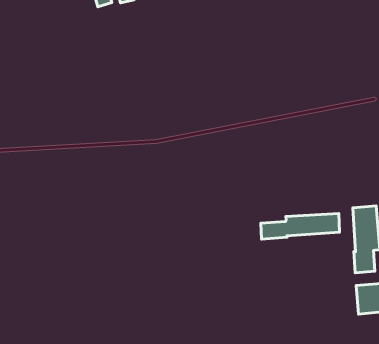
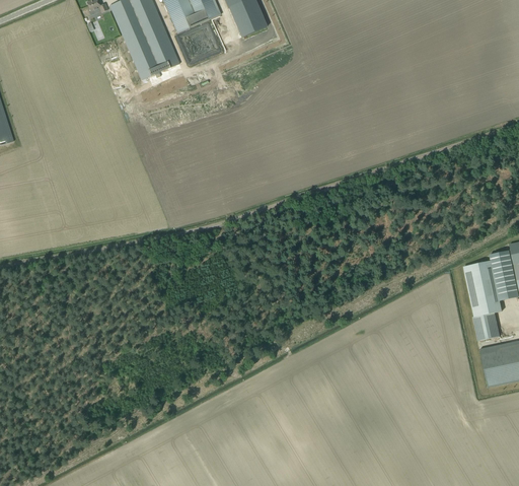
building: [261,213,340,239] -> none

